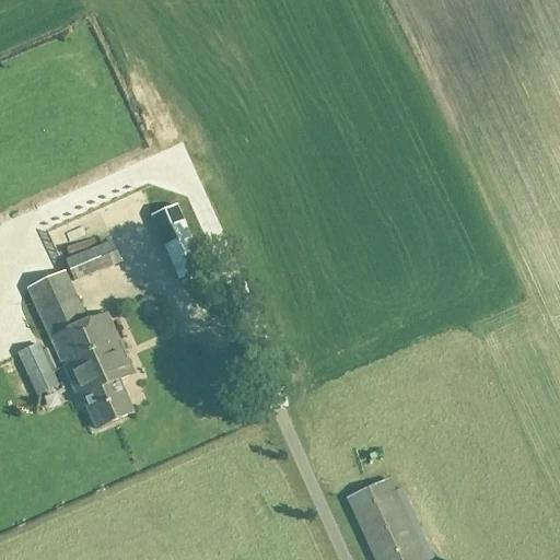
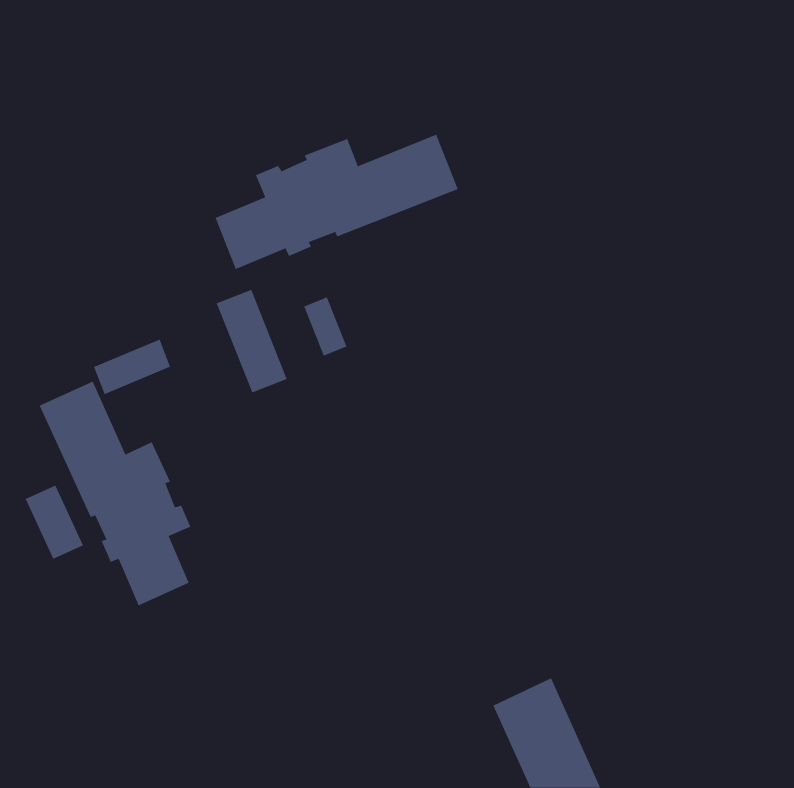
building: none -> [215,134,459,270]
building: none -> [303,297,347,357]

